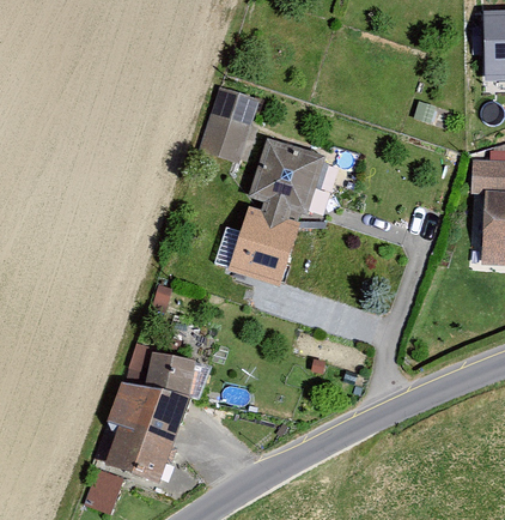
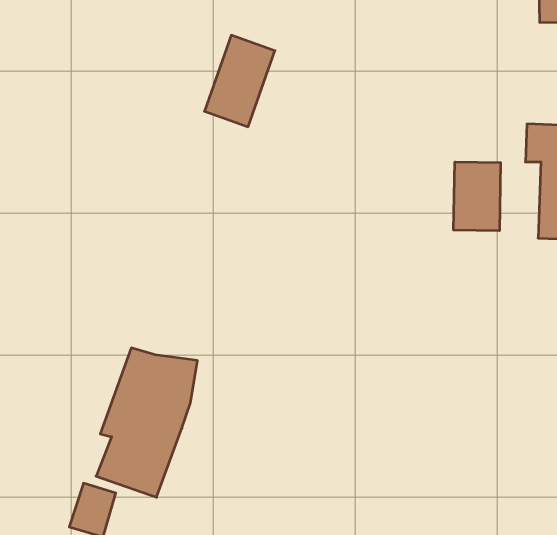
building: [229,139,322,282] -> none
building: none -> [454,162,501,231]

